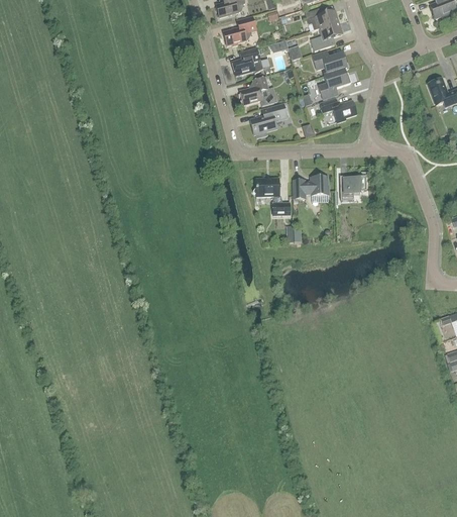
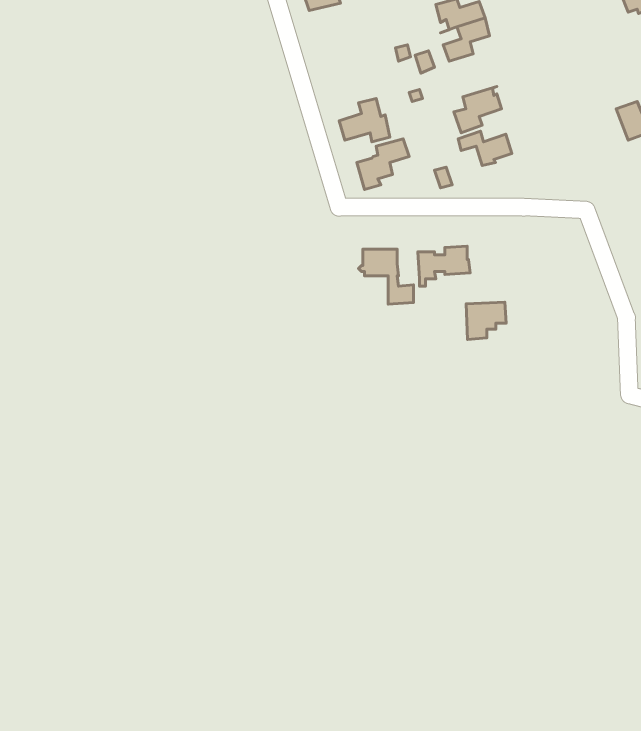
building: [223,15,255,44] -> none
building: [231,45,262,74] -> none
building: [312,49,346,74] -> none
building: [339,174,366,199] -> [466,302,506,339]

